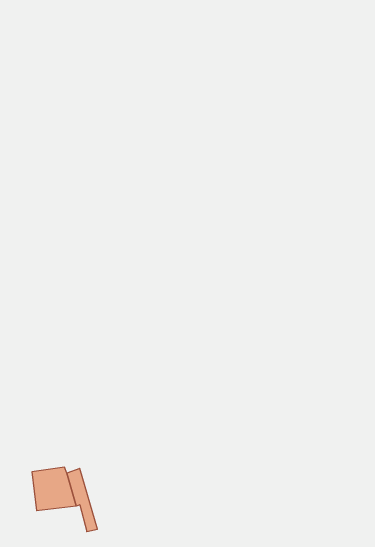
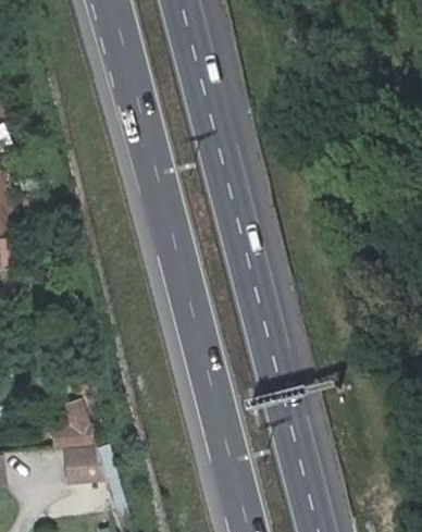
building: none -> [50,401,92,448]

